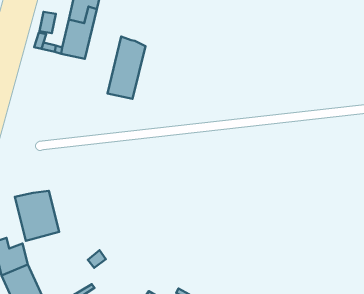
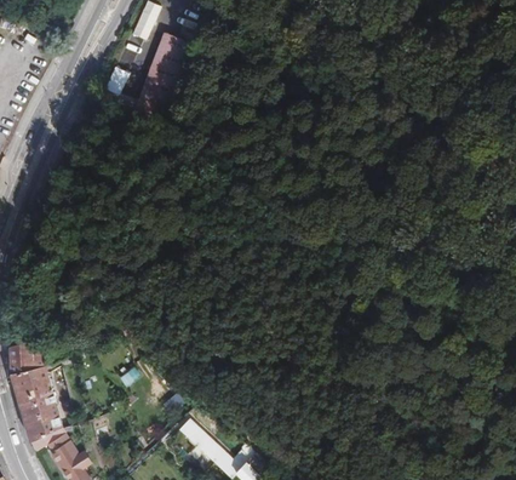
building: [107,37,145,99] -> none
building: [15,191,59,241] -> none

